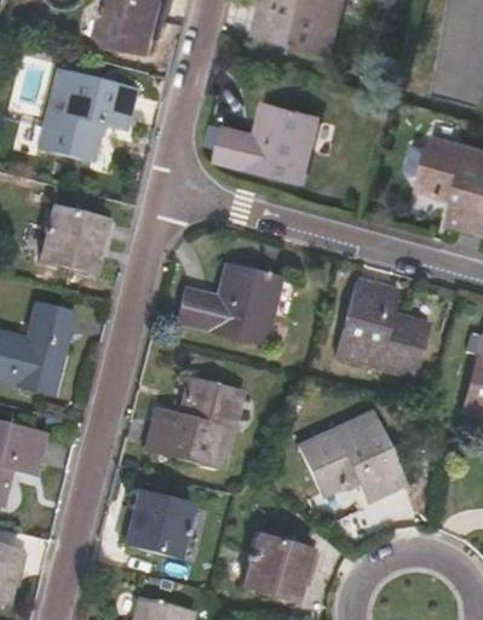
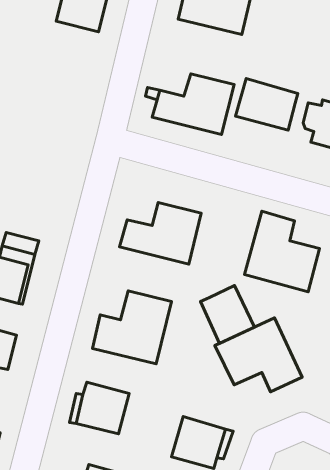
building: [39,65,138,161] -> none
building: none -> [236,79,298,130]
building: [40,207,107,271] -> none
building: none -> [200,285,254,343]

